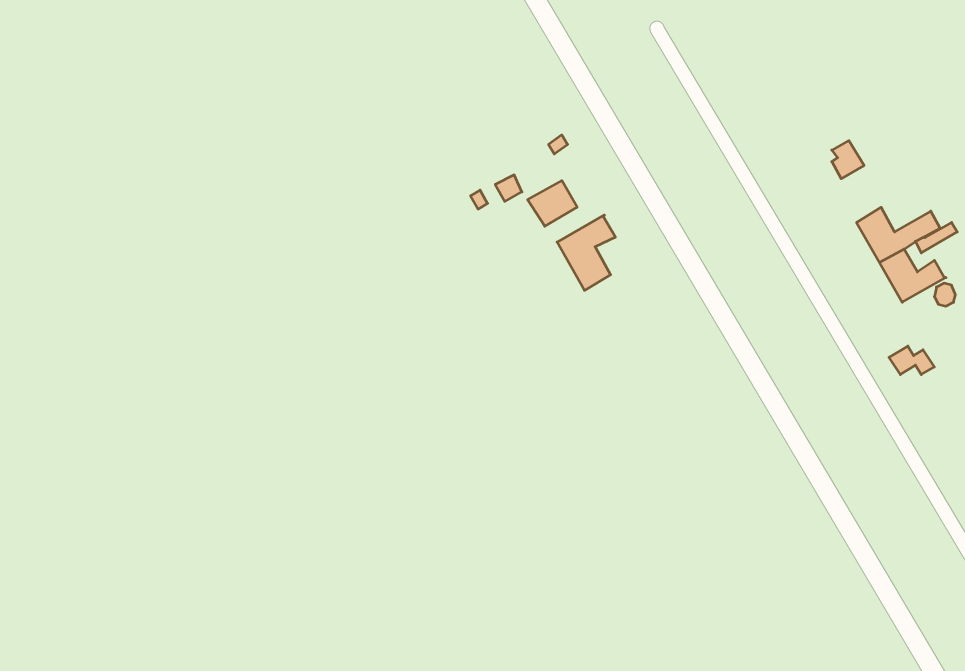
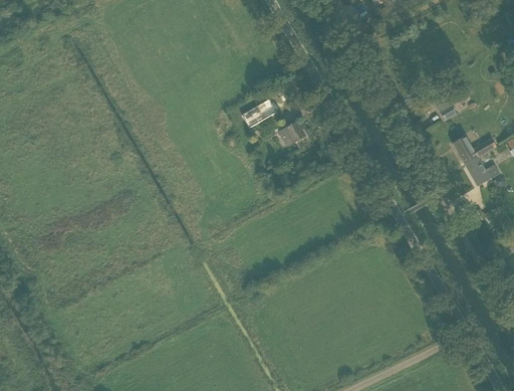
building: none -> [241,96,277,127]
building: [557,215,615,290] -> none

